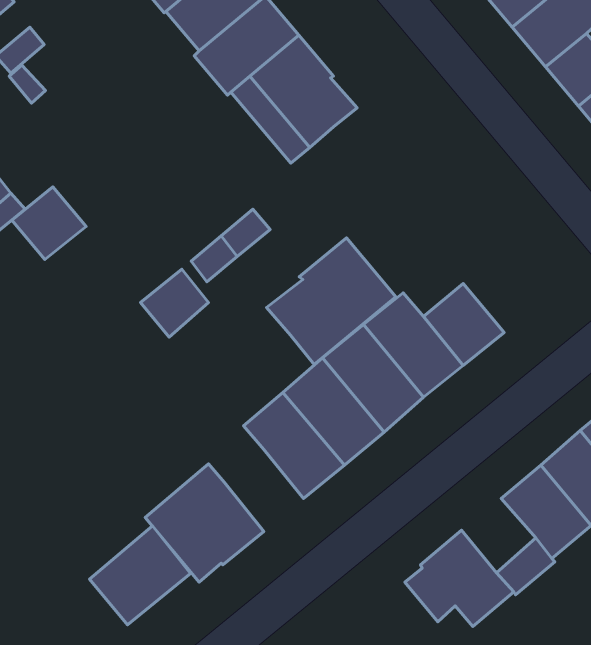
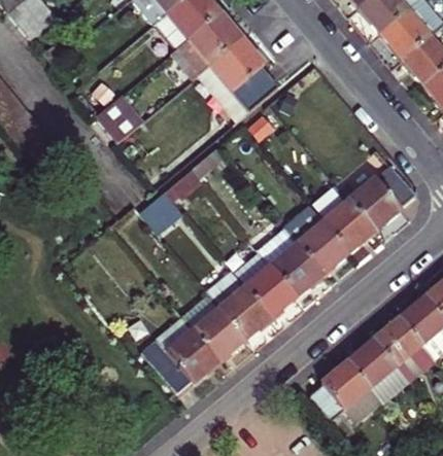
building: [12,187,86,260] -> [95,94,143,141]
building: none -> [348,163,416,231]
building: [267,238,396,364] -> none
building: none -> [193,307,244,360]
building: none -> [347,339,396,387]
building: [90,526,190,625] -> none

